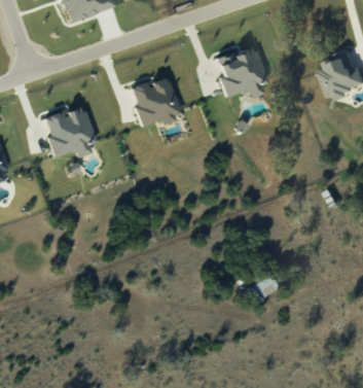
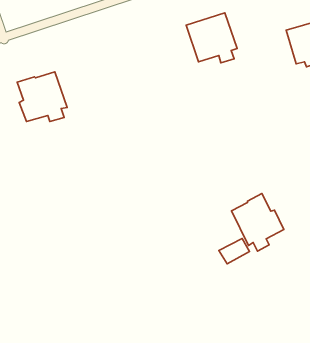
building: [132,76,182,127] -> none
building: none -> [231,193,284,251]

